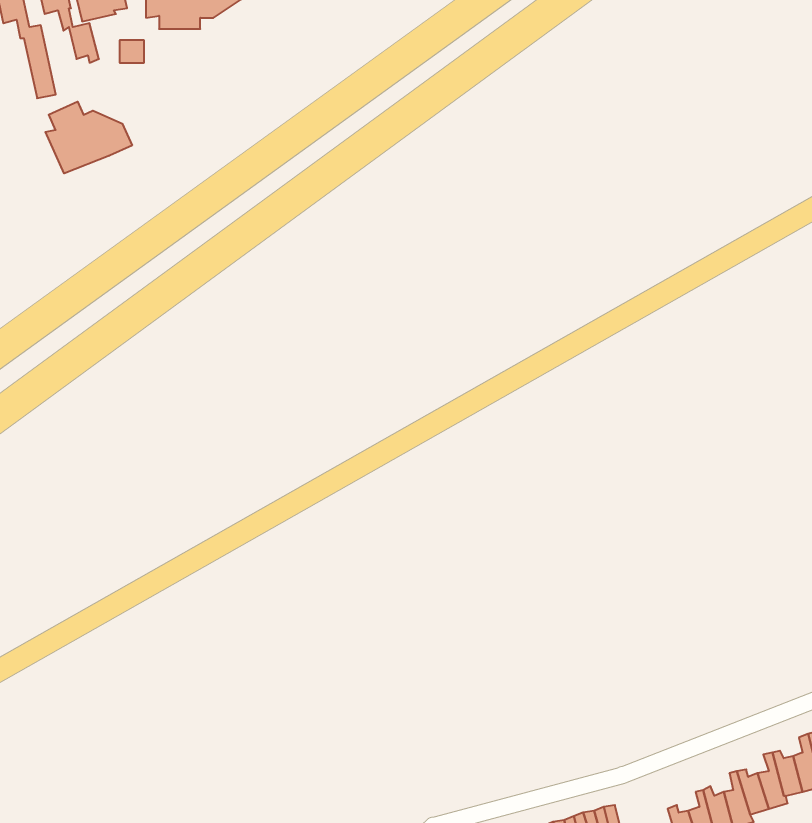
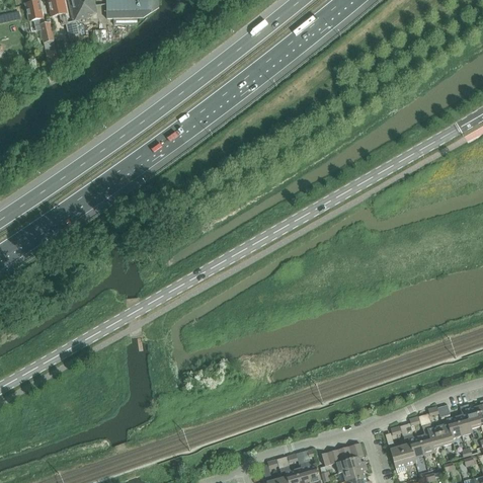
building: [45,102,132,173] -> none

